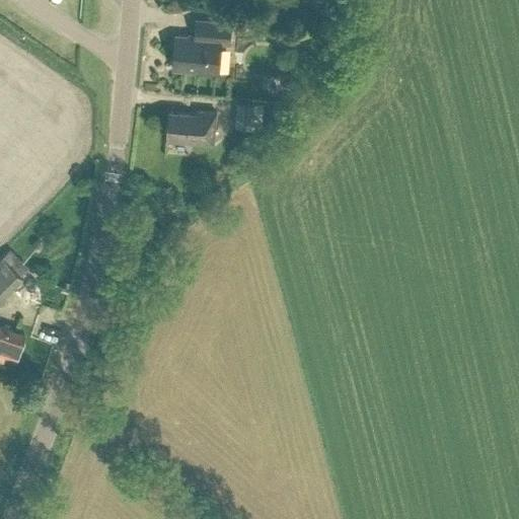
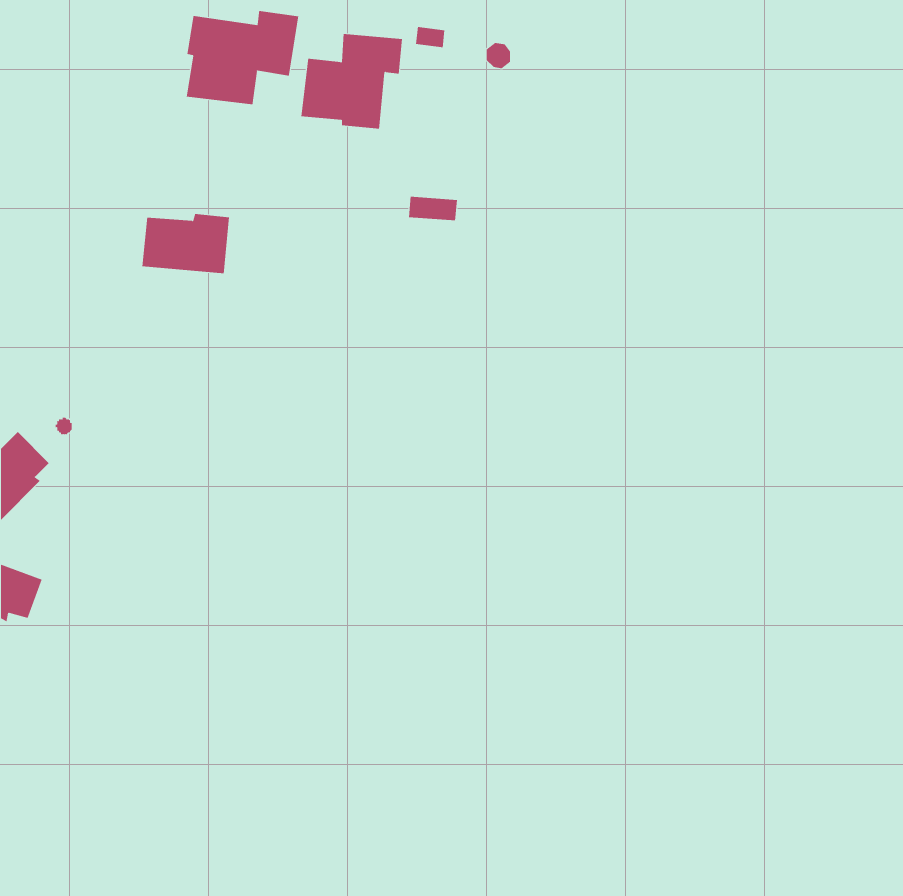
building: none -> [186,10,299,105]
building: [165,113,216,147] -> [141,214,230,274]

